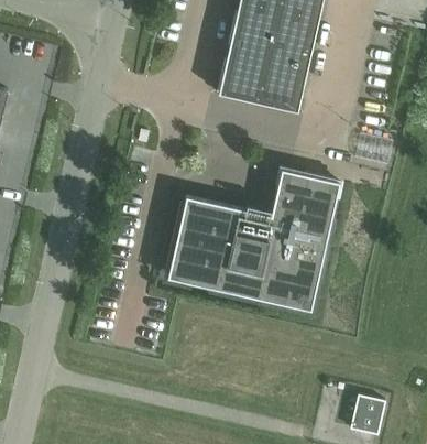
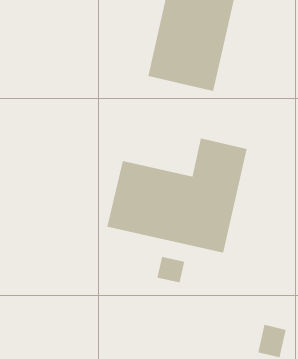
building: none -> [157,256,185,283]

